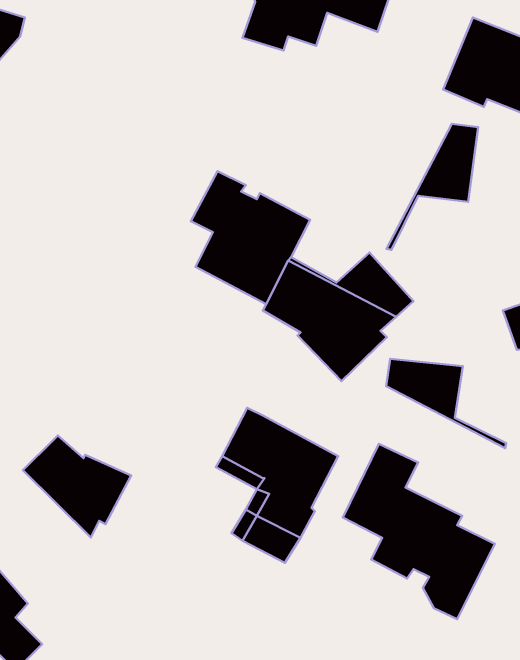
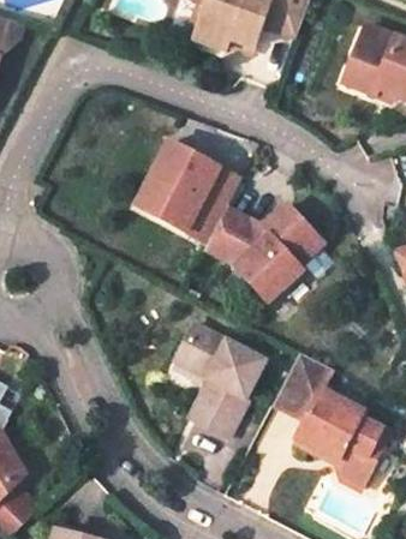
building: [387,124,478,250] -> none
building: [386,359,506,448] -> none
building: [23,436,131,537] -> none

